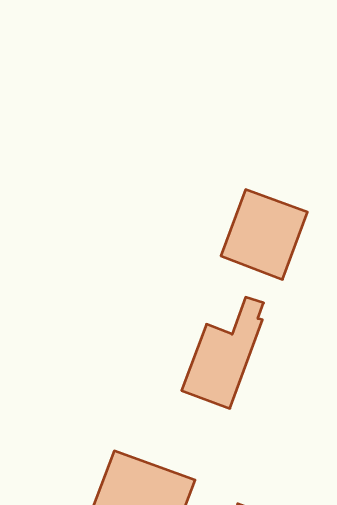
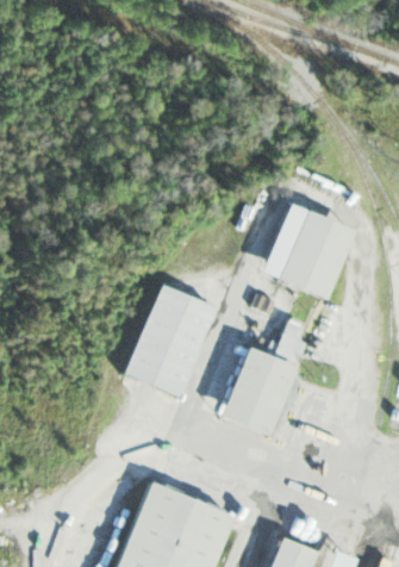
building: none -> [124,286,214,397]

